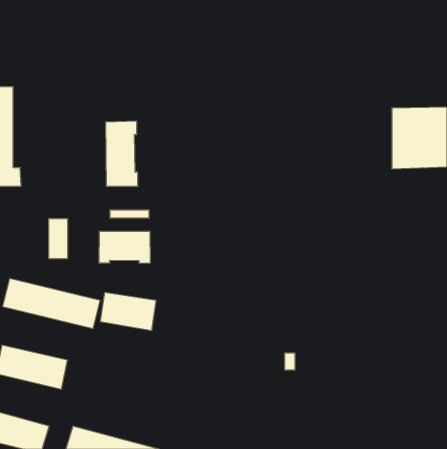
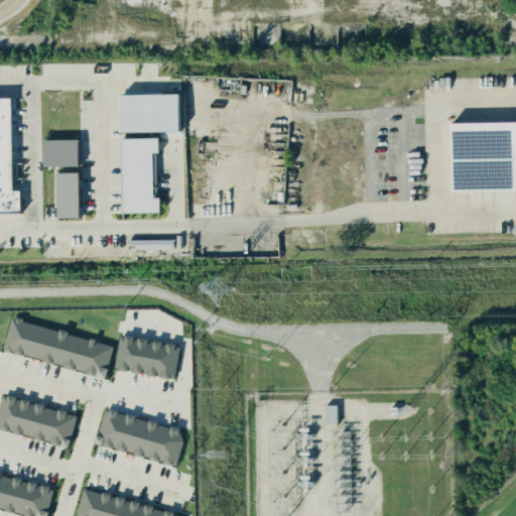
building: none -> [119,95,177,133]
building: none -> [42,140,77,168]
building: [48,219,68,258] -> [55,174,78,220]
building: [99,231,150,263] -> none
building: none -> [97,409,185,465]

